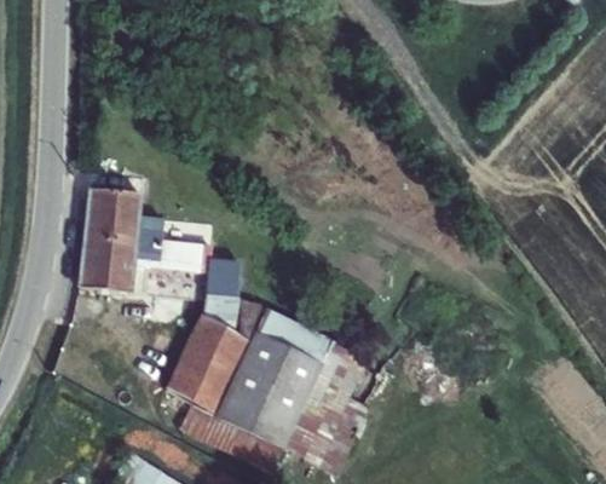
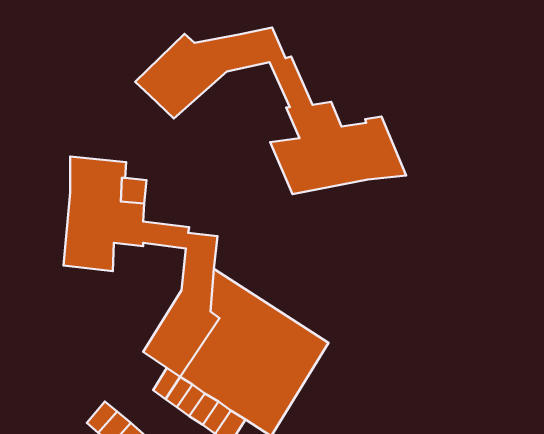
building: none -> [135,28,406,194]

